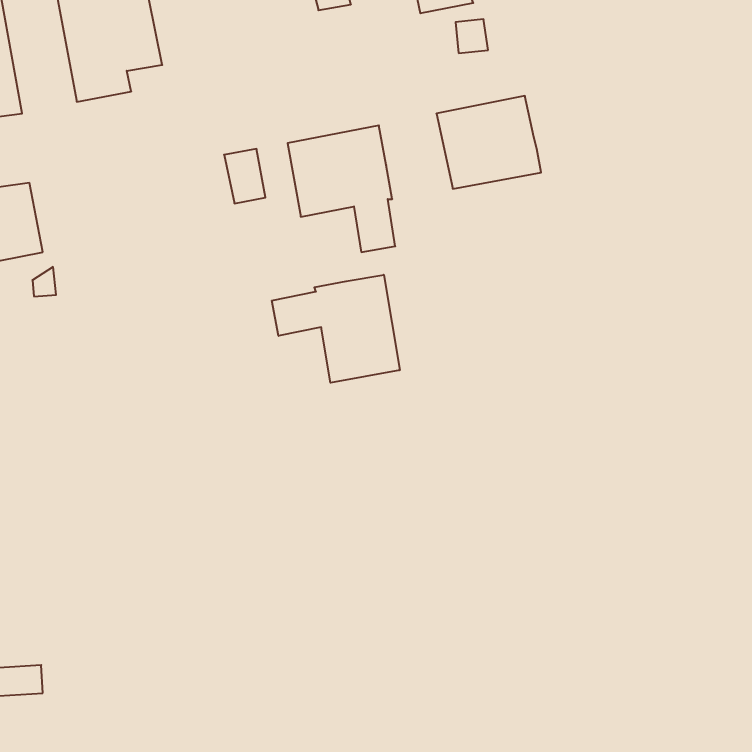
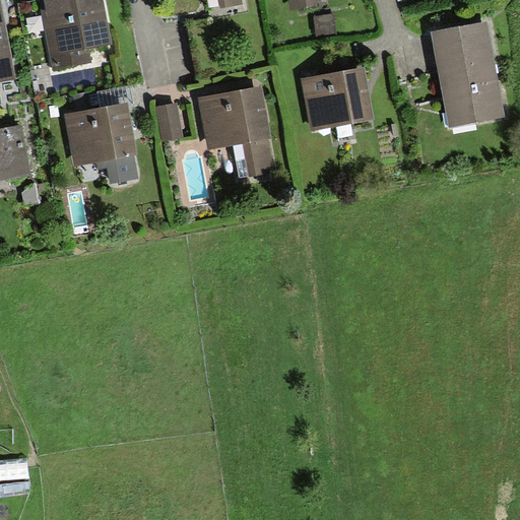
building: none -> [431,21,505,125]
building: none -> [63,103,138,183]
building: [272,275,400,383] -> none

